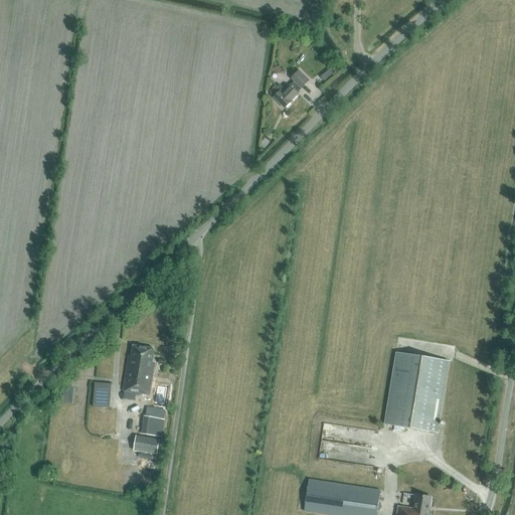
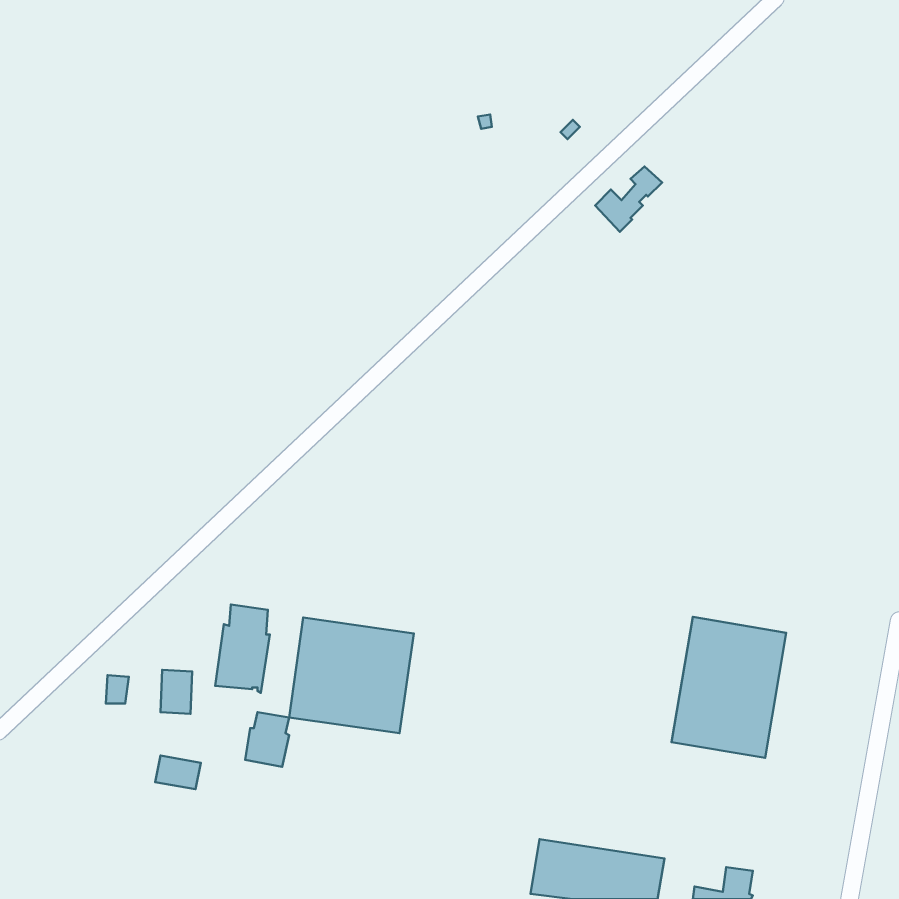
building: [270,71,308,109] -> [595,167,662,232]
building: none -> [289,618,414,733]
building: [133,435,159,454] -> [155,756,201,789]

